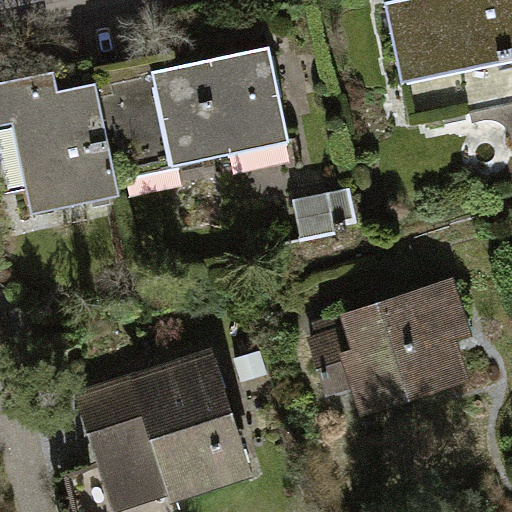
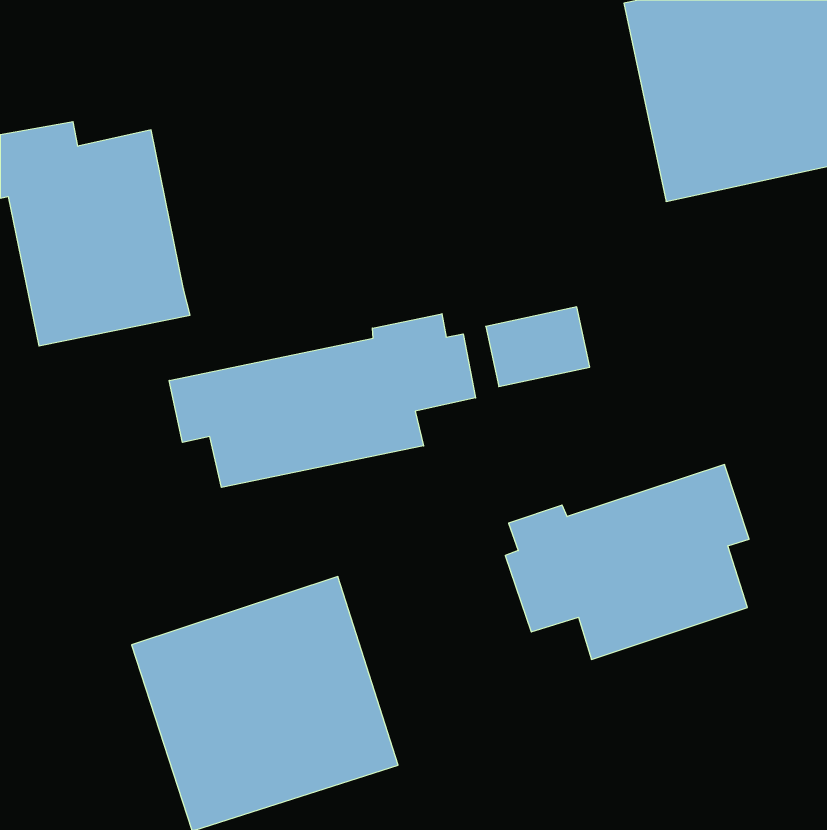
building: [95,44,290,178] -> none
building: none -> [169,314,476,487]

